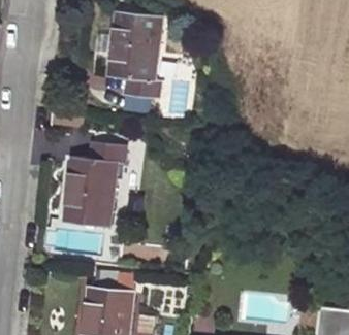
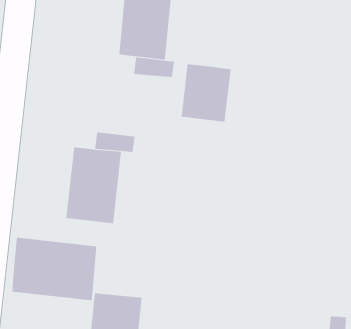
building: none -> [181,64,231,122]
building: none -> [12,237,97,301]

